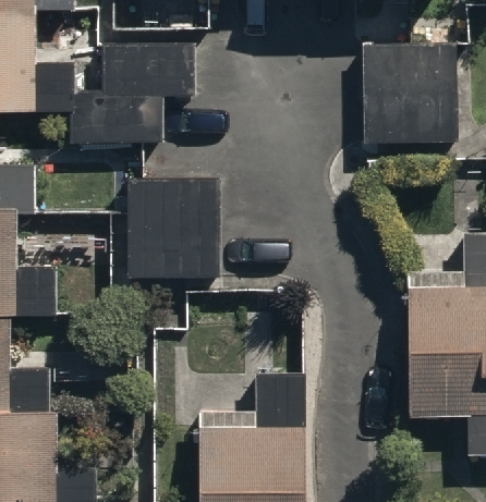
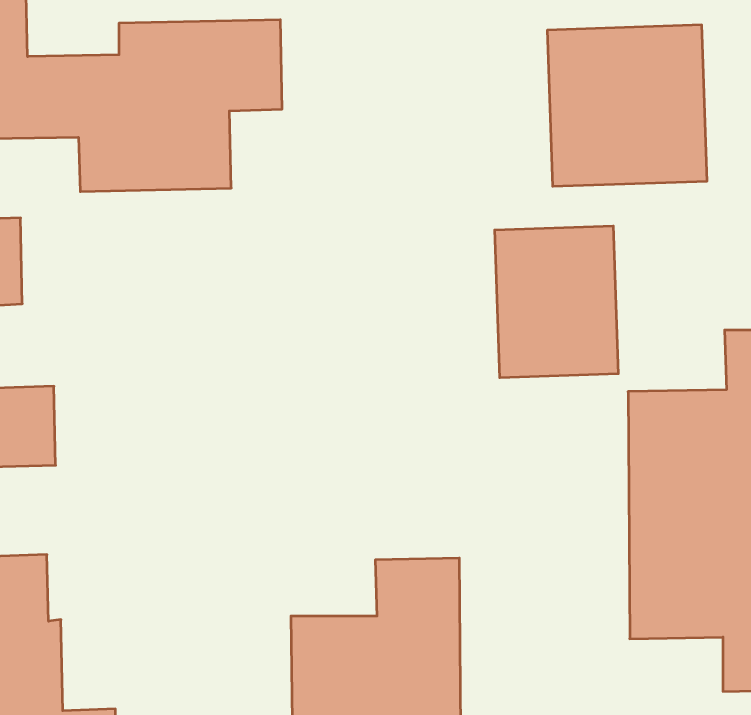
building: none -> [495,226,618,378]
building: [127,174,221,278] -> none

